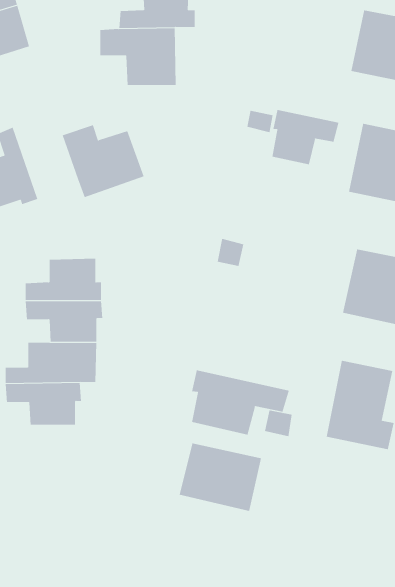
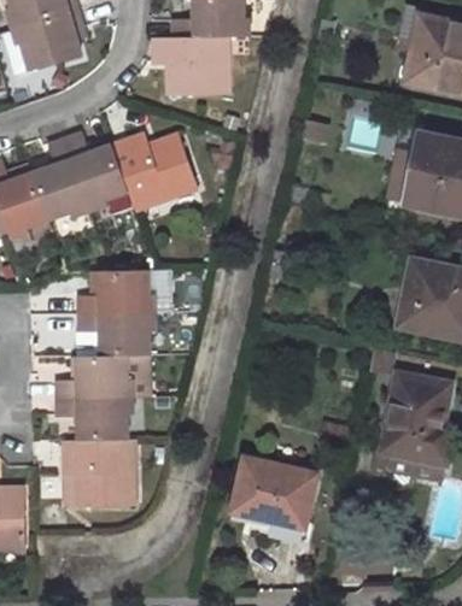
building: [272,109,339,165] -> none
building: none -> [63,130,128,210]
building: [191,369,290,435] -> none
building: none -> [65,440,134,507]

